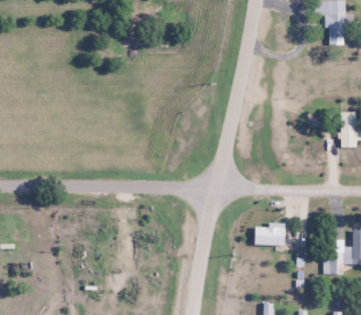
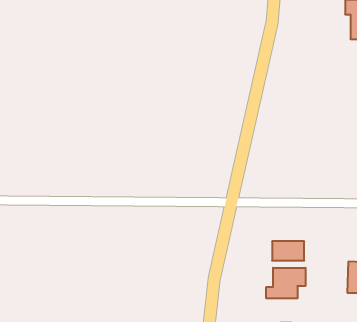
building: none -> [266,268,305,298]

